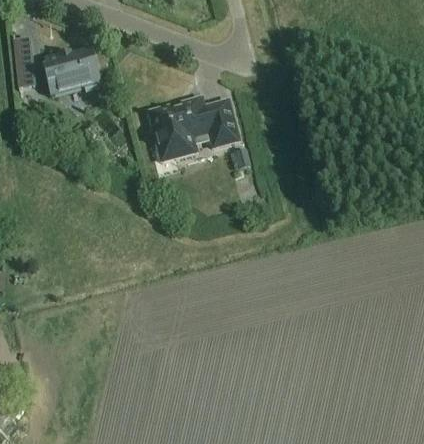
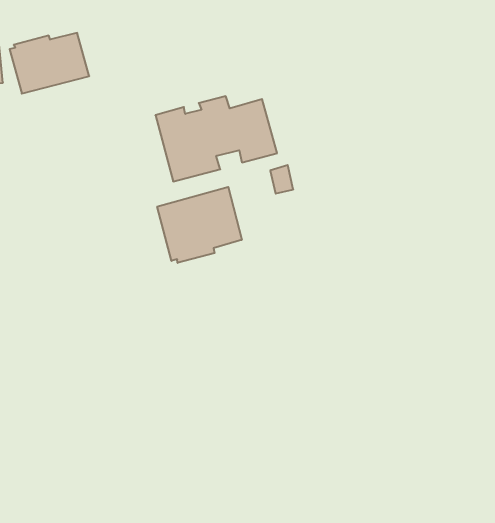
building: none -> [157,187,242,263]

